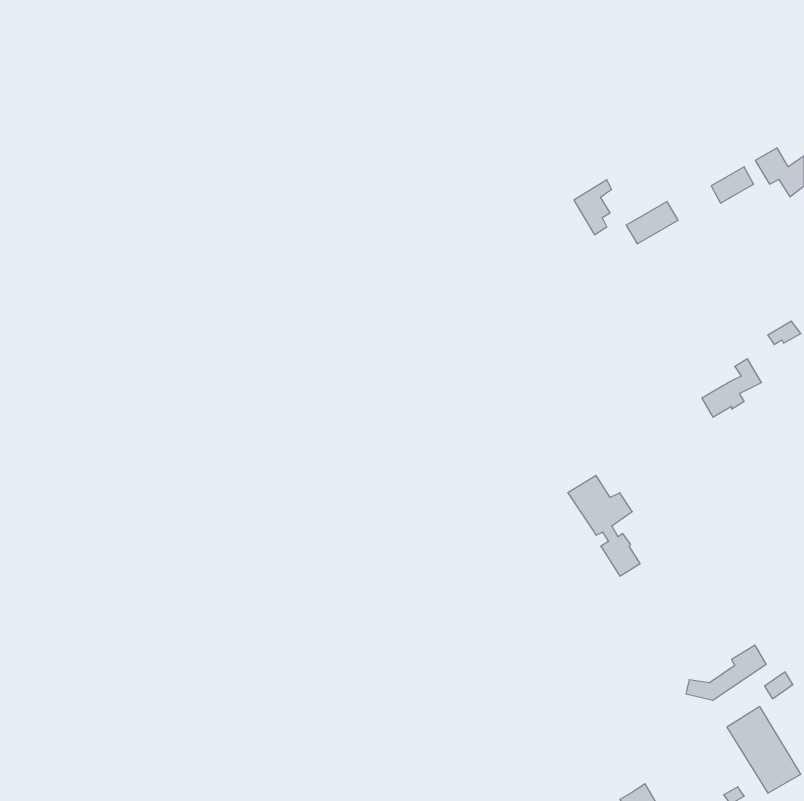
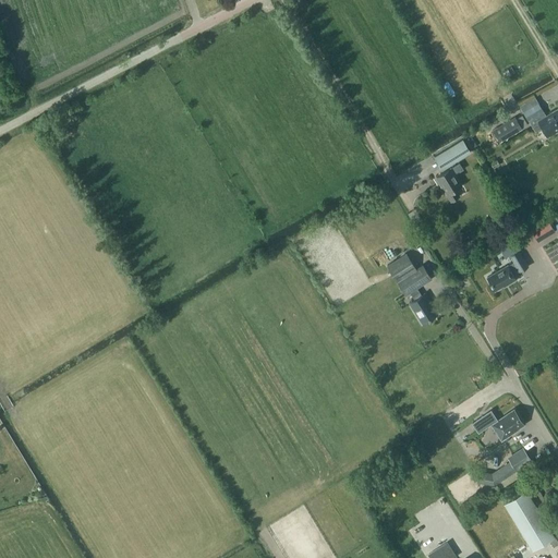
building: [574,180,612,235] -> [436,165,462,203]
building: [568,475,640,576] -> [386,254,436,324]
building: none -> [472,410,521,437]

